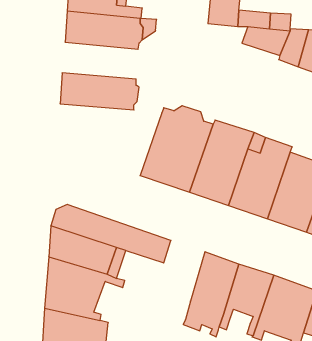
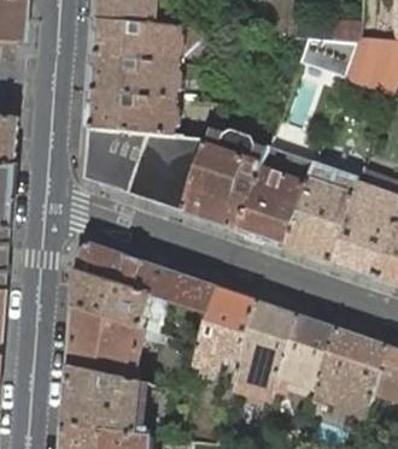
building: none -> [90,54,183,98]
building: none -> [84,126,207,211]
building: none -> [195,286,258,370]

